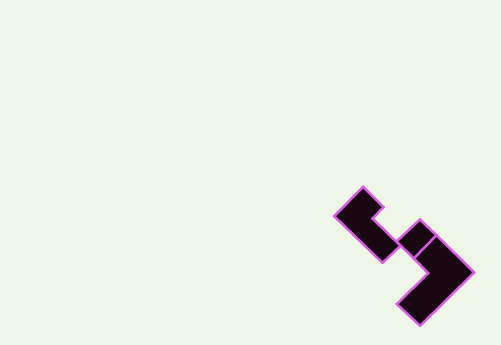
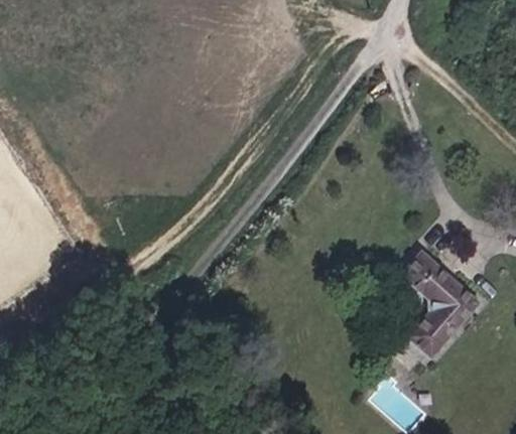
building: [334,187,401,263] -> none

